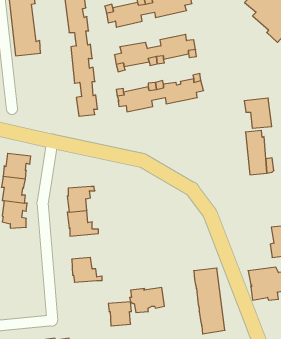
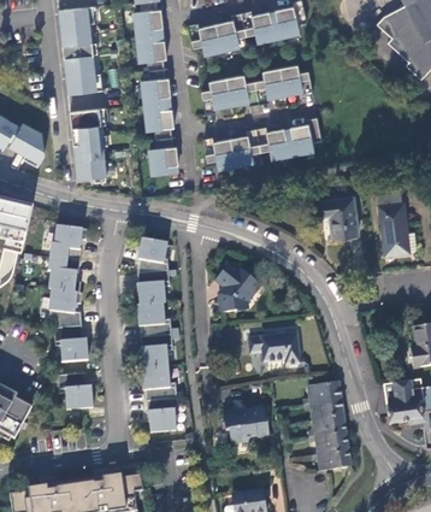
building: none -> [69,108,106,180]
building: [244,98,272,128] -> [321,198,359,239]
building: none -> [138,239,170,273]
building: none -> [216,264,259,312]
building: none -> [54,326,89,363]
building: none -> [141,335,179,370]
building: none -> [248,335,297,365]
building: none -> [58,373,94,411]
building: [108,302,131,326] -> [147,399,178,431]

